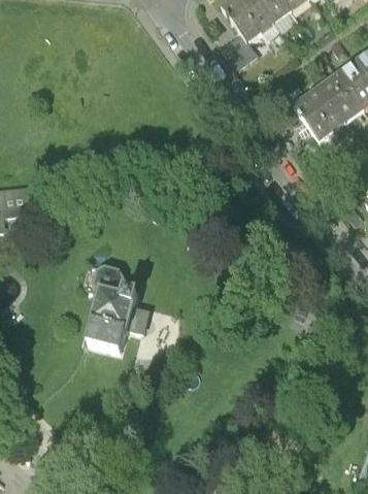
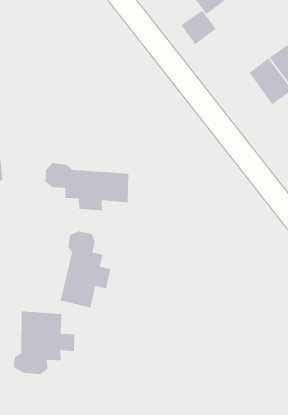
building: none -> [45,162,129,211]
building: none -> [13,311,75,375]

